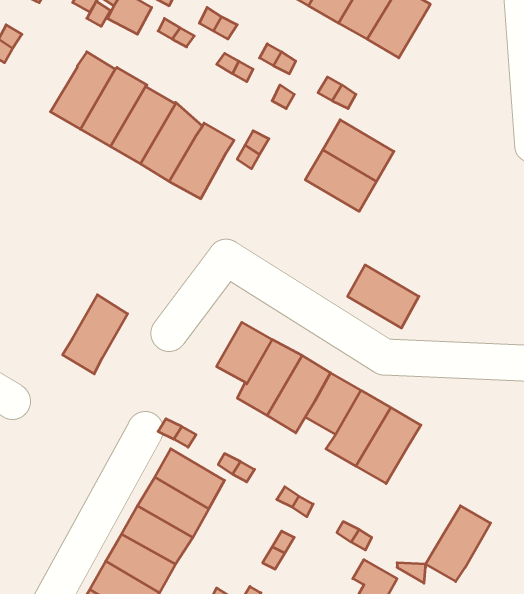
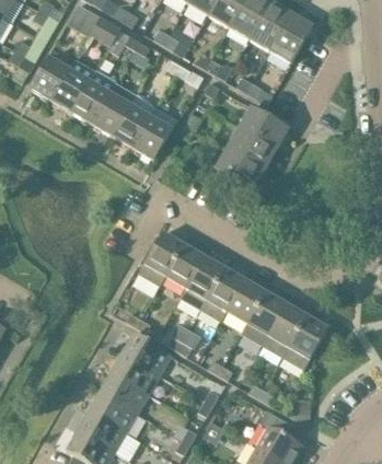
building: none -> [30,56,69,100]
building: [348,265,419,328] -> [215,147,264,190]
building: [63,295,128,374] -> [138,232,183,287]
building: [426,506,491,582] -> [282,316,327,369]

